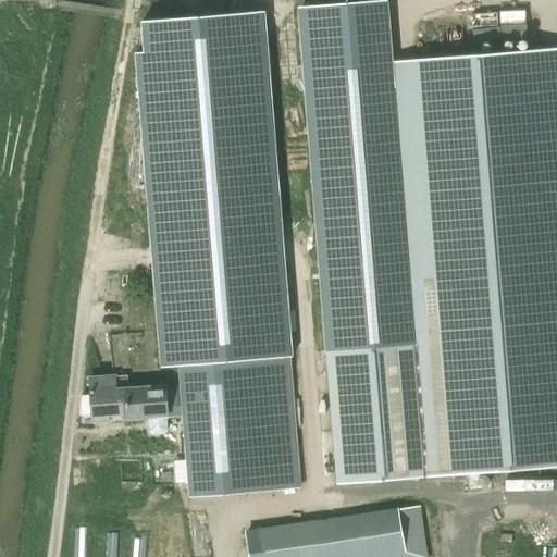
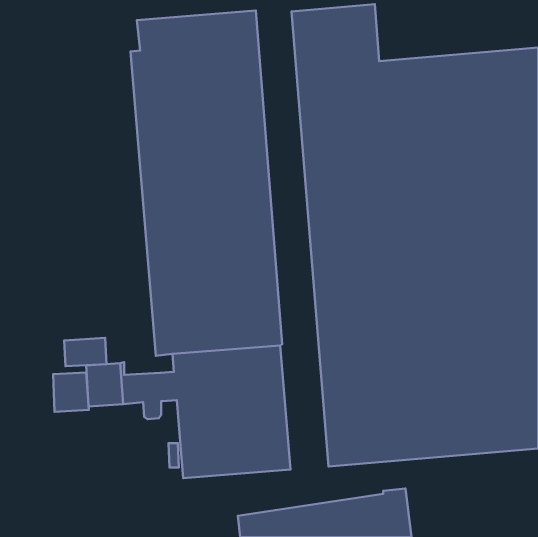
building: none -> [64,338,107,366]
building: none -> [53,372,89,412]

